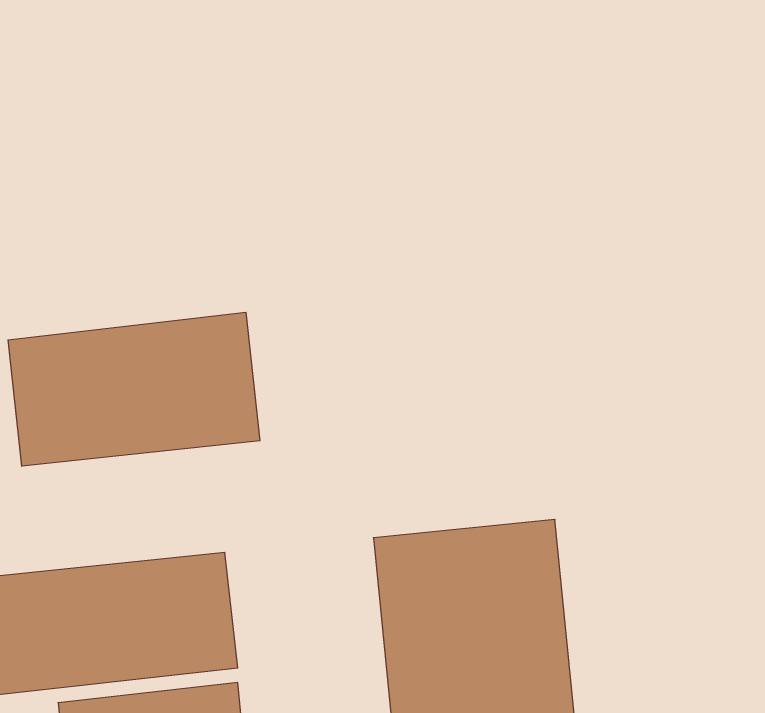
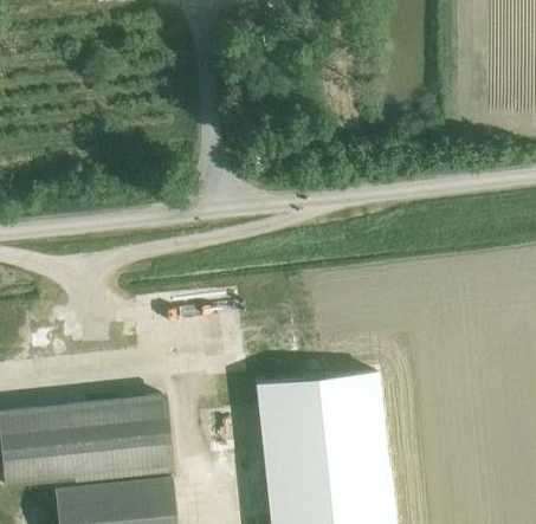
building: [8,312,260,466] -> none

